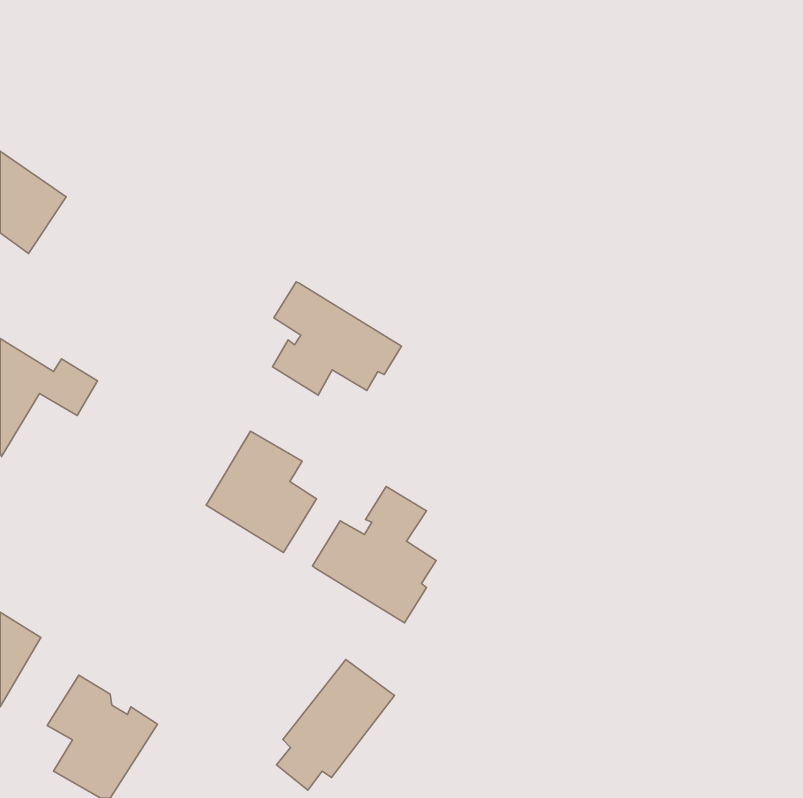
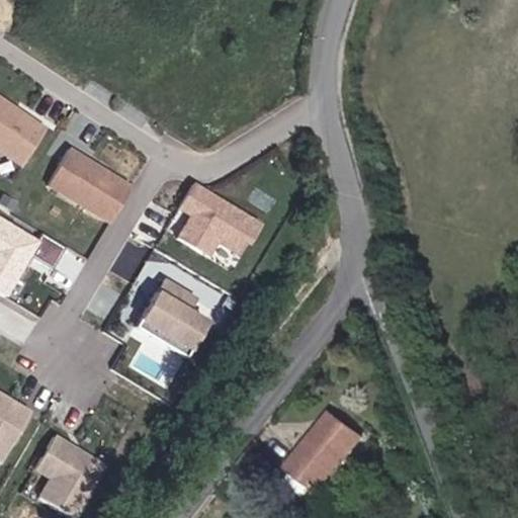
building: none -> [46,146,131,221]
building: [312,487,436,623] -> none
building: [276,659,395,790] -> [287,411,363,495]

